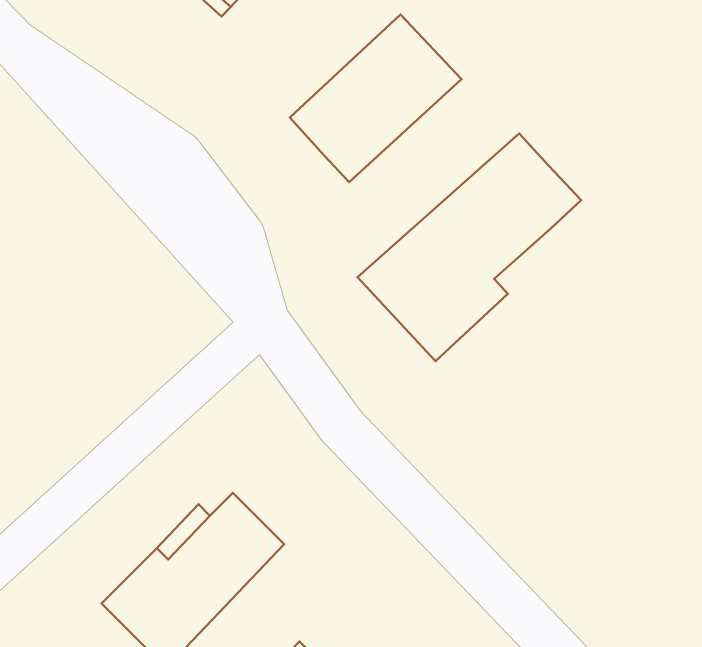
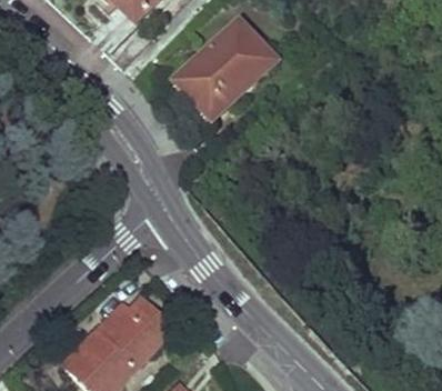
building: [358,134,581,361] -> none

